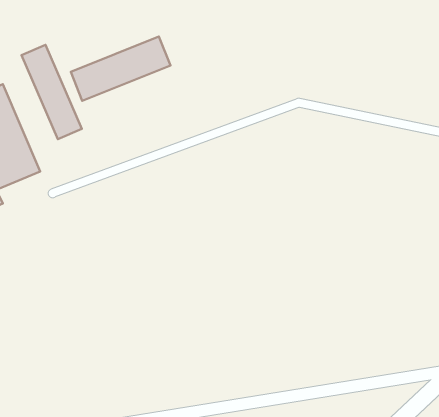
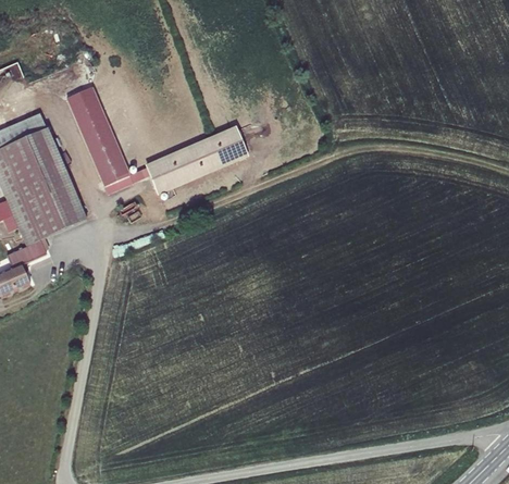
building: [71,36,170,101] -> [138,127,243,195]

